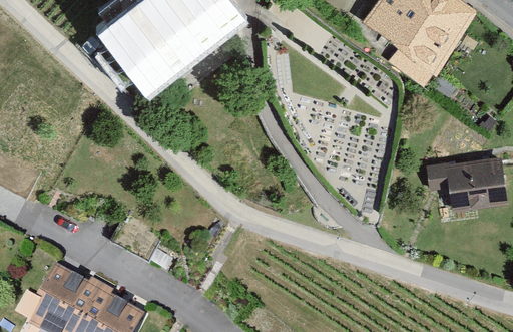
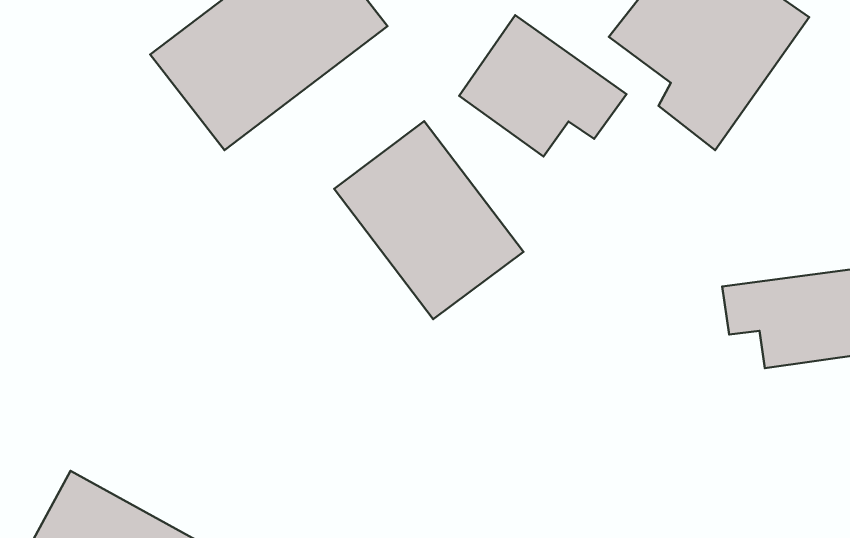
building: none -> [459,15,627,156]
building: none -> [334,121,524,319]

